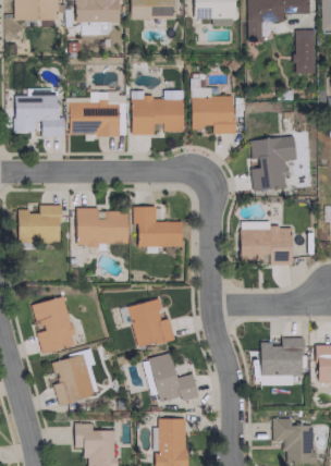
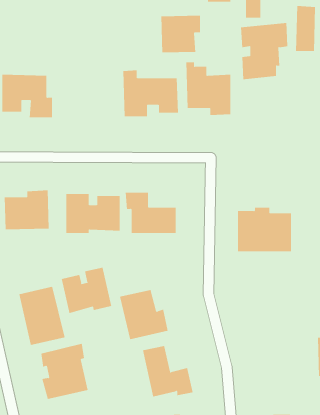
building: none -> [161,15,200,53]
building: [70,101,120,135] -> none
building: [250,136,296,191] -> [240,23,288,80]
building: none -> [61,267,112,314]
building: [260,338,303,385] -> none

